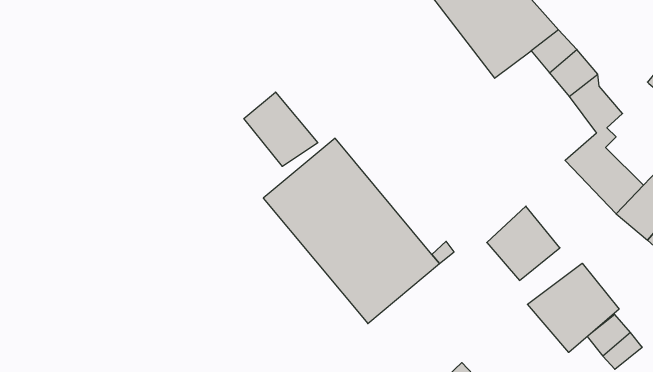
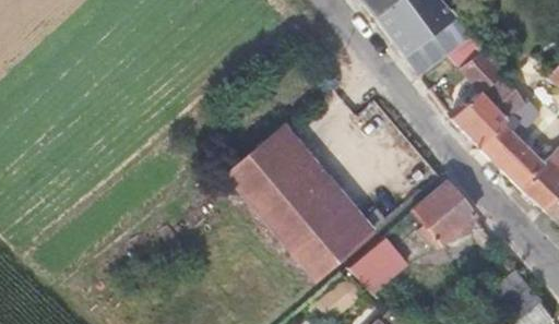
building: [244,92,318,166] -> none
building: none -> [452,91,506,144]
building: [527,263,619,352] -> none
building: none -> [348,238,407,293]

